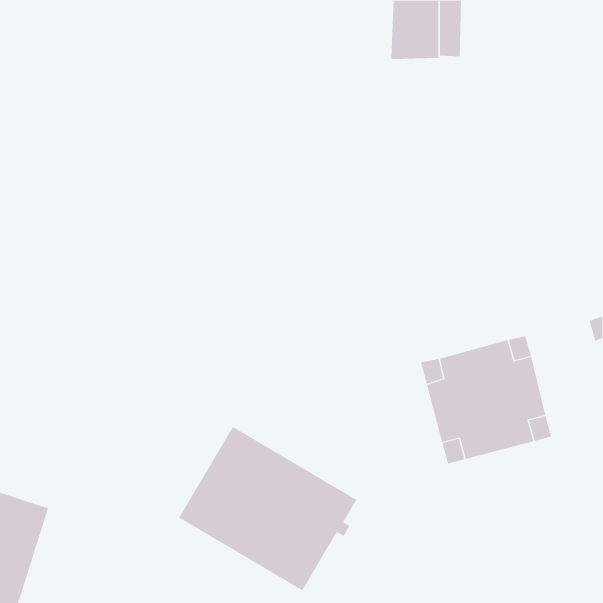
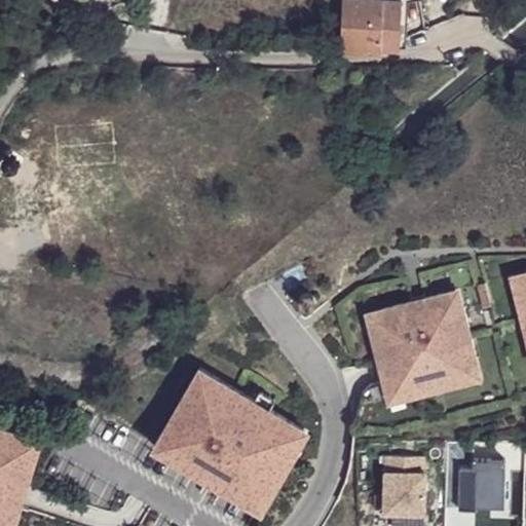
building: none -> [383,460,424,518]
building: none -> [455,462,508,511]

